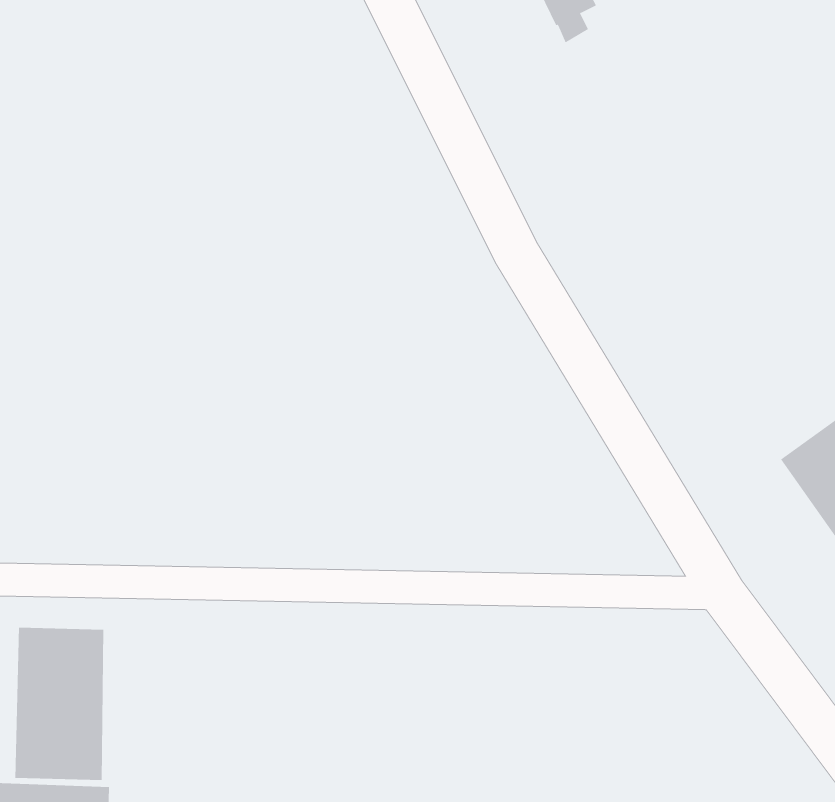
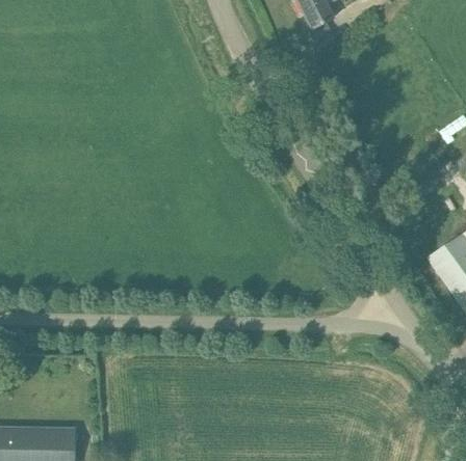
building: [15,627,104,781] -> none

